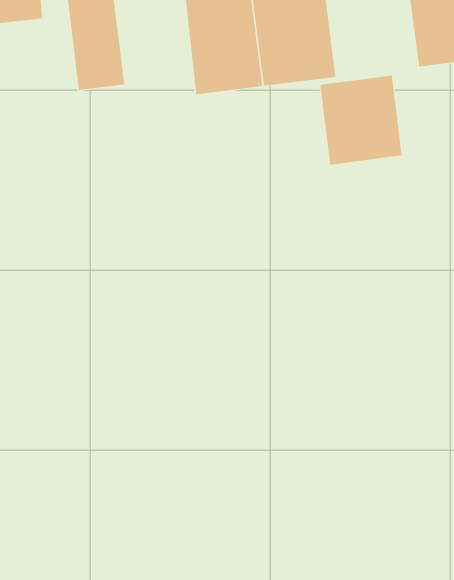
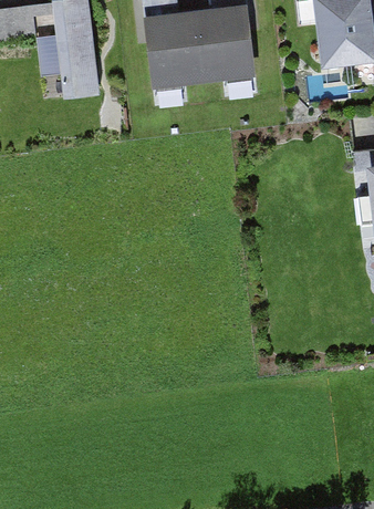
building: [320,75,402,165] -> none

